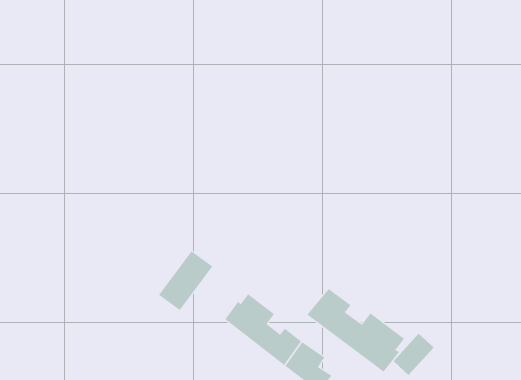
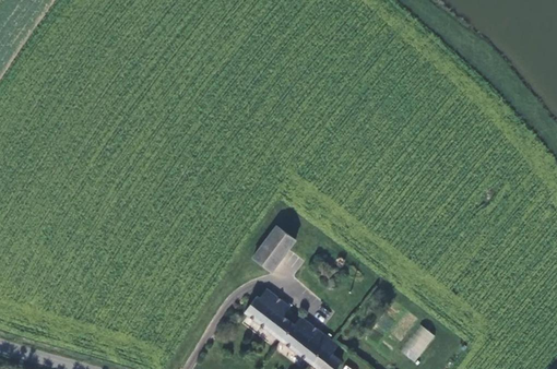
building: [158,250,213,311] -> [247,226,296,279]
building: [307,288,405,373] -> none

